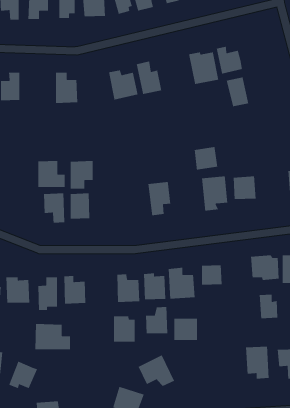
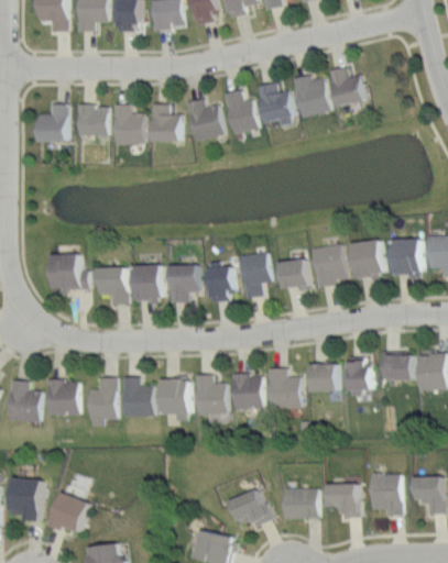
building: none -> [256,82,294,122]
building: none -> [75,102,106,135]
building: none -> [151,102,178,142]
building: [226,76,249,107] -> none
building: [194,146,218,171] -> [276,256,309,289]
building: [38,160,65,188] -> [48,252,86,289]
building: [70,160,93,190] -> [167,263,199,302]
building: none -> [391,238,420,274]
building: none -> [206,261,232,301]
building: [259,294,278,319] -> [345,356,371,390]
building: [145,306,168,334] -> none
building: [113,316,135,343] -> [160,377,189,413]
building: [173,318,198,341] -> [284,488,317,519]
building: [34,323,71,350] -> none
building: none -> [328,483,361,520]

